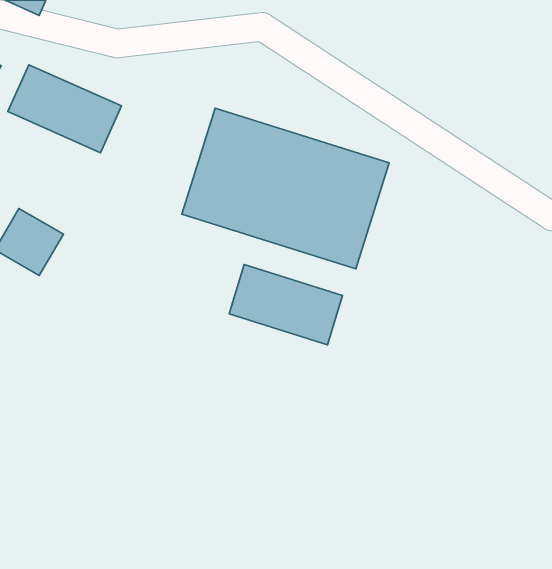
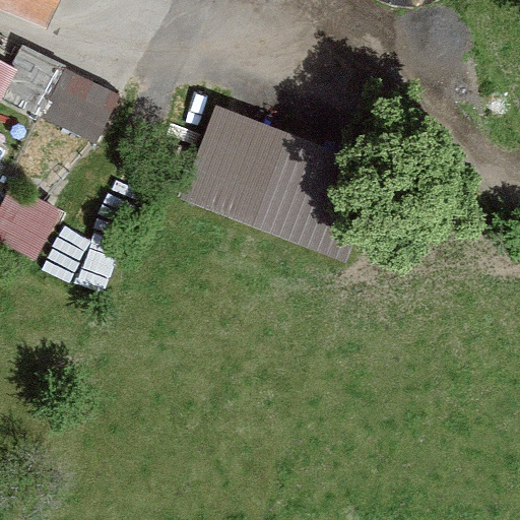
building: [229,265,343,345] -> none

